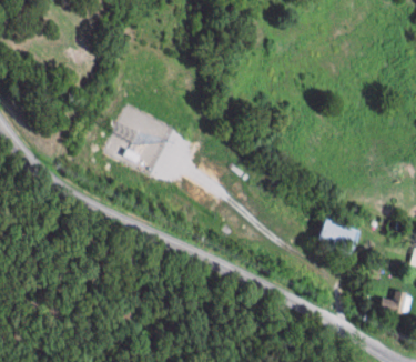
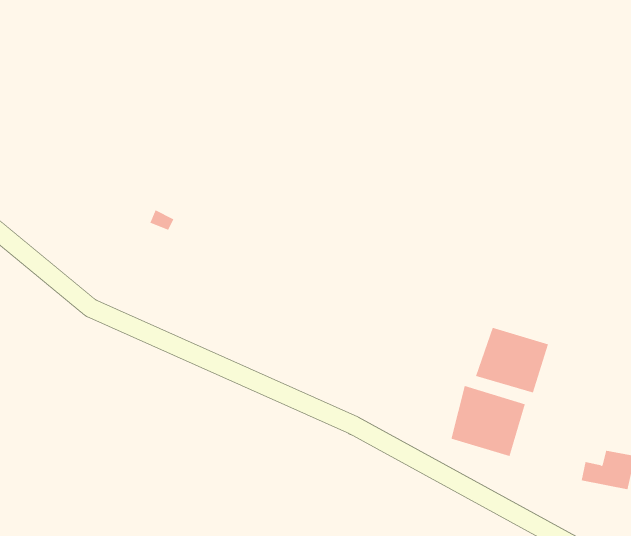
building: none -> [451,385,525,457]

